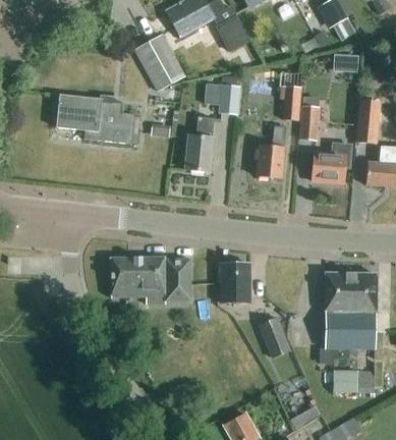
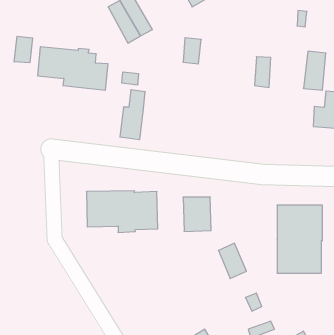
building: none -> [14,36,33,63]
building: [280,86,301,120] -> none
building: [186,116,215,172] -> [120,90,145,140]
building: [258,125,285,178] -> none
building: [313,142,353,182] -> none
building: [333,370,374,392] -> none

